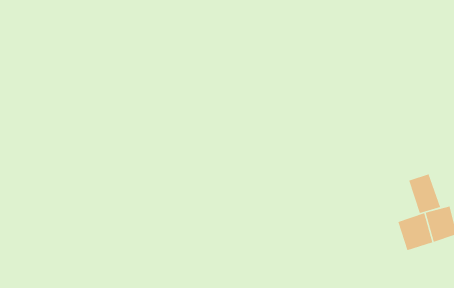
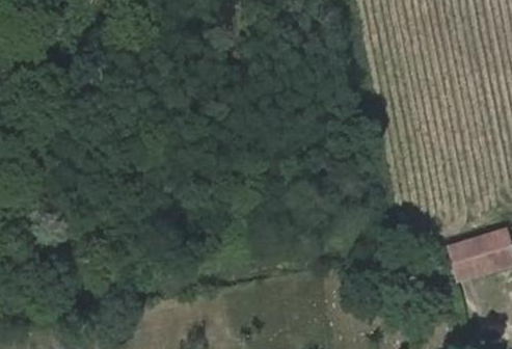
building: [409,174,441,214] -> none

